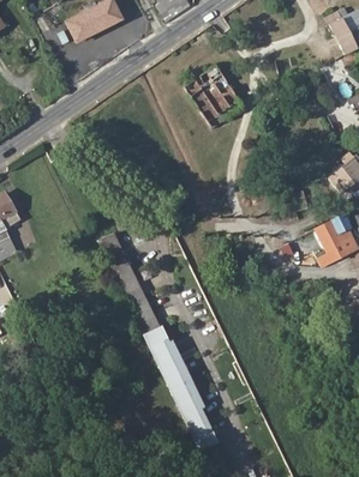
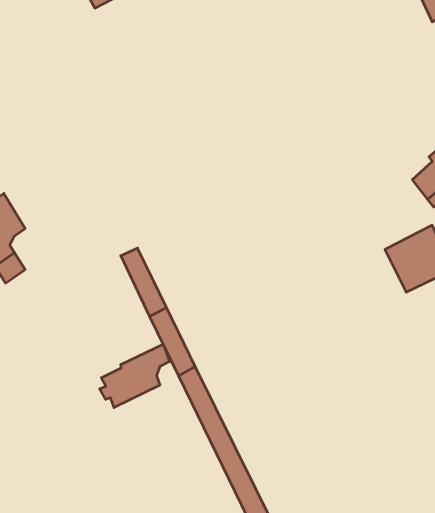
building: [187,70,239,116] -> none
building: none -> [100,344,170,408]

